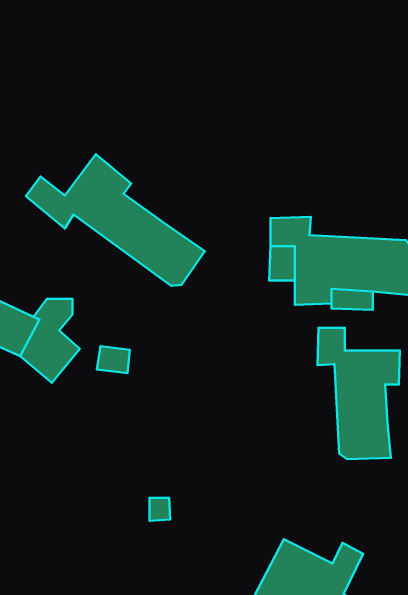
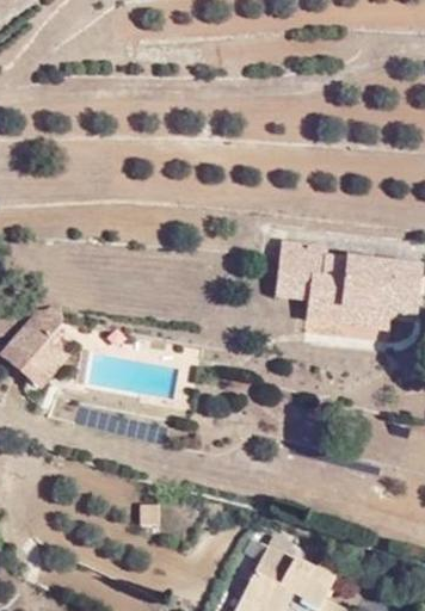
building: [26,154,205,286] -> none
building: [317,328,400,459] -> none

